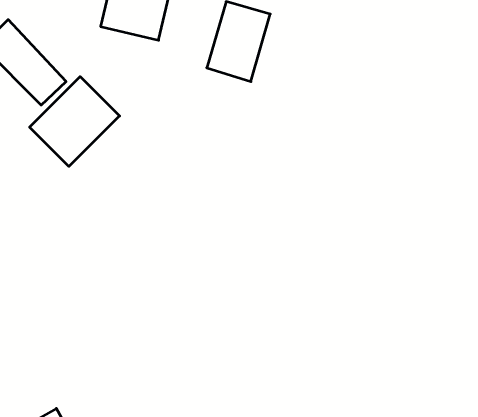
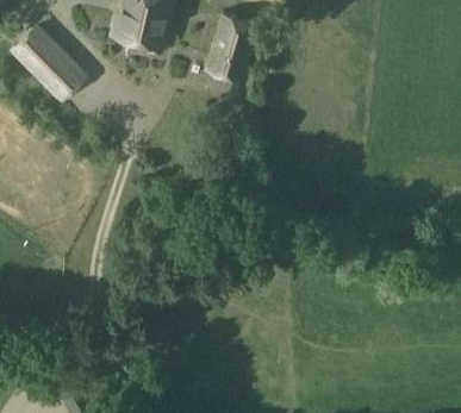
building: [30,77,120,166] -> none

